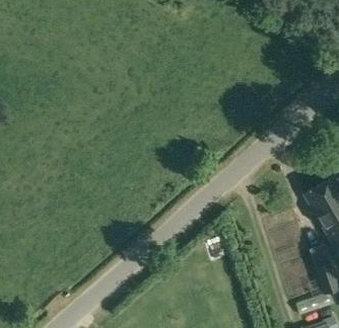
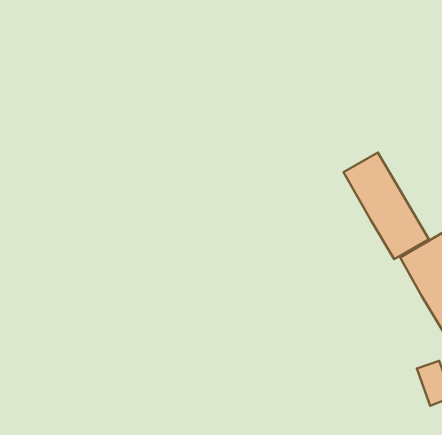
building: none -> [344,152,429,259]

